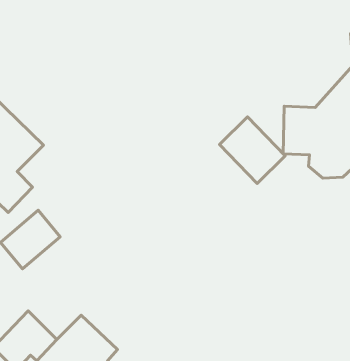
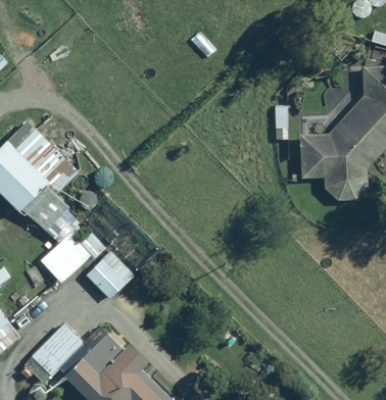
building: [219,117,285,184] -> none
building: none -> [87,252,136,301]

